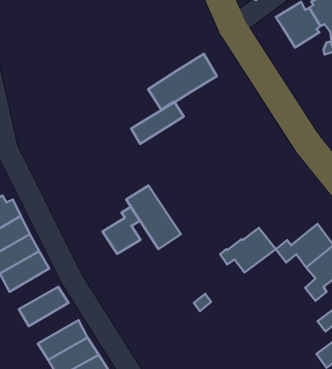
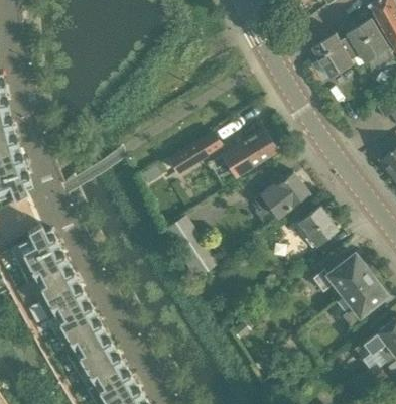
building: [148,54,217,109] -> [208,129,276,184]
building: none -> [297,206,337,245]
building: [103,207,140,254] -> none
building: [220,228,276,273] -> [253,172,308,217]
building: none -> [47,297,96,338]
building: none -> [67,331,116,372]

